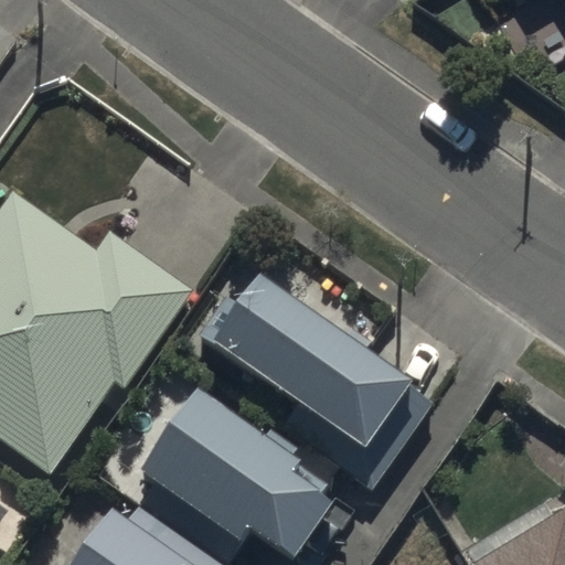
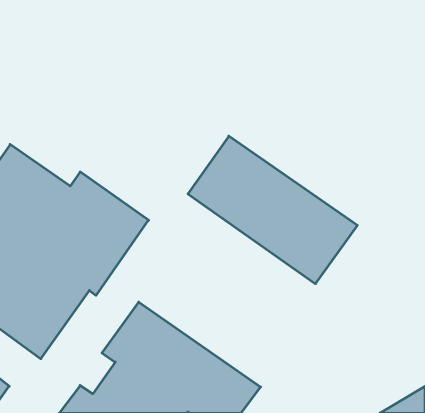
building: [203,273,427,468] -> [188,136,357,284]

